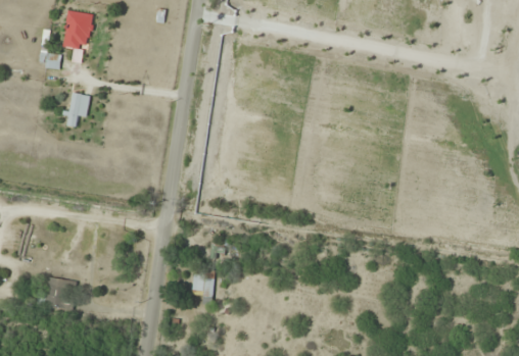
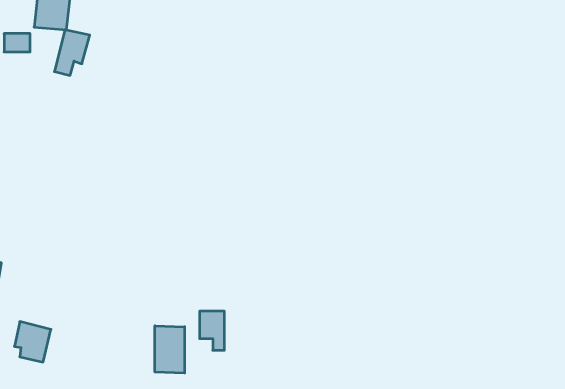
building: [62,92,90,128] -> [54,30,90,75]
building: none -> [155,326,185,373]

